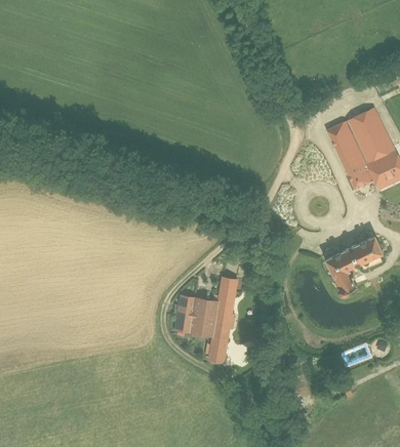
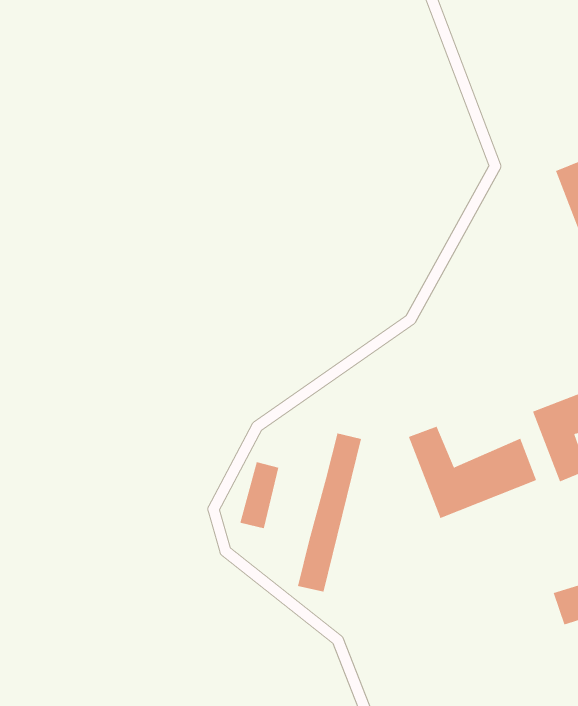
building: none -> [408,426,537,519]
building: [190,299,219,336] -> none

